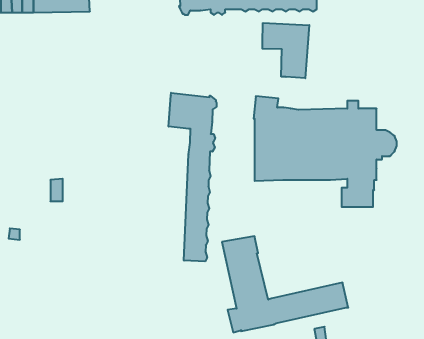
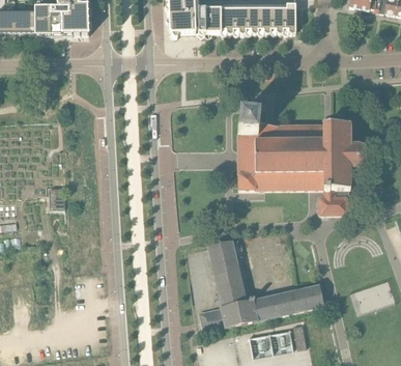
building: [262,23,309,78] -> none
building: [169,93,217,261] -> none

